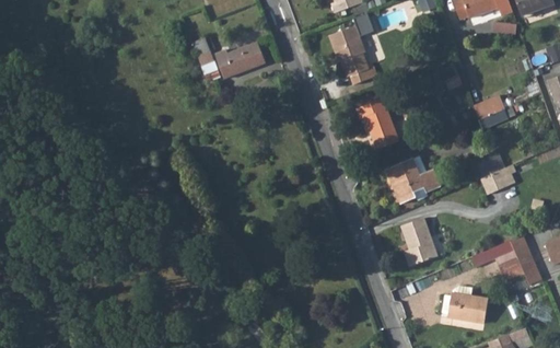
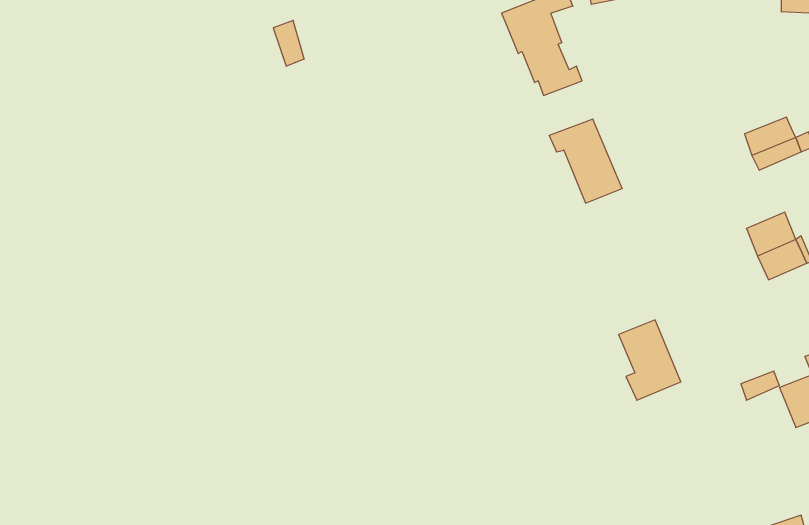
building: [213,43,264,78] -> none
building: [387,156,441,202] -> none
building: [441,292,488,324] -> none

